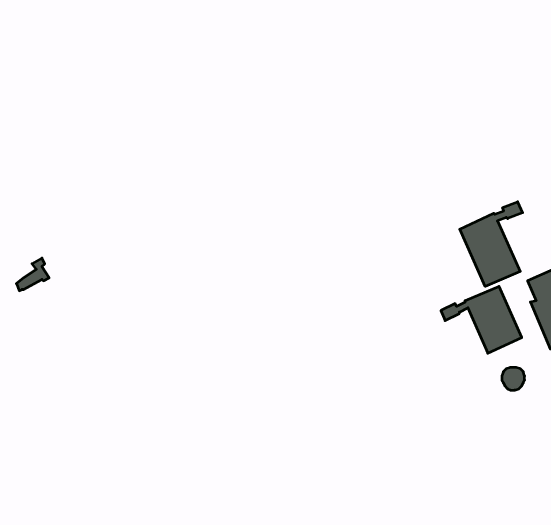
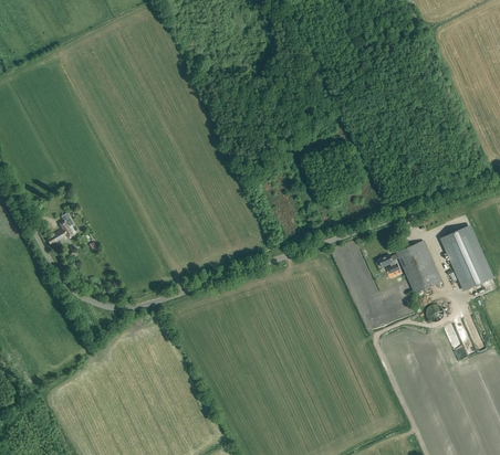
building: [460,202,523,286] -> none

